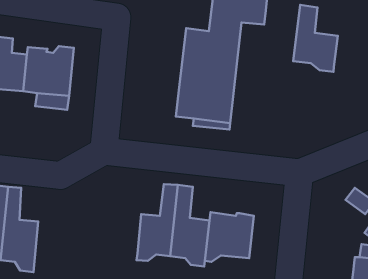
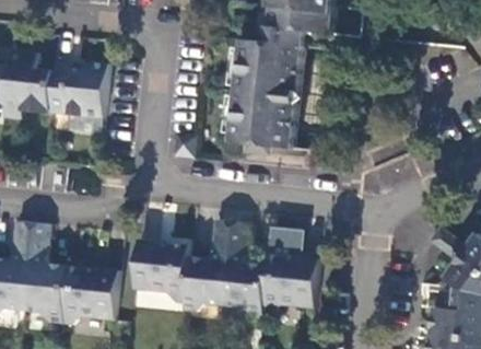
building: [293,5,338,72] -> none
building: none -> [269,228,305,259]
building: none -> [133,240,189,303]
building: none -> [62,266,119,326]

